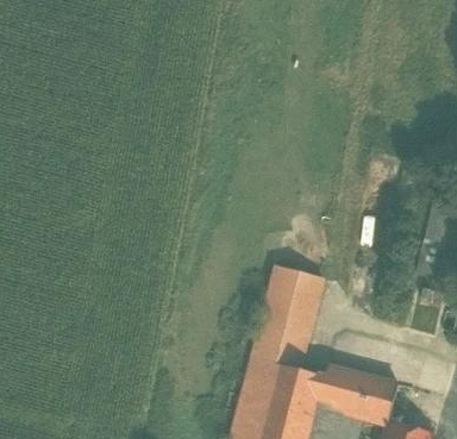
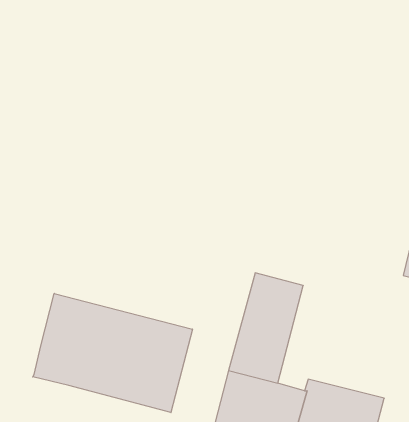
building: none -> [33,293,192,413]

